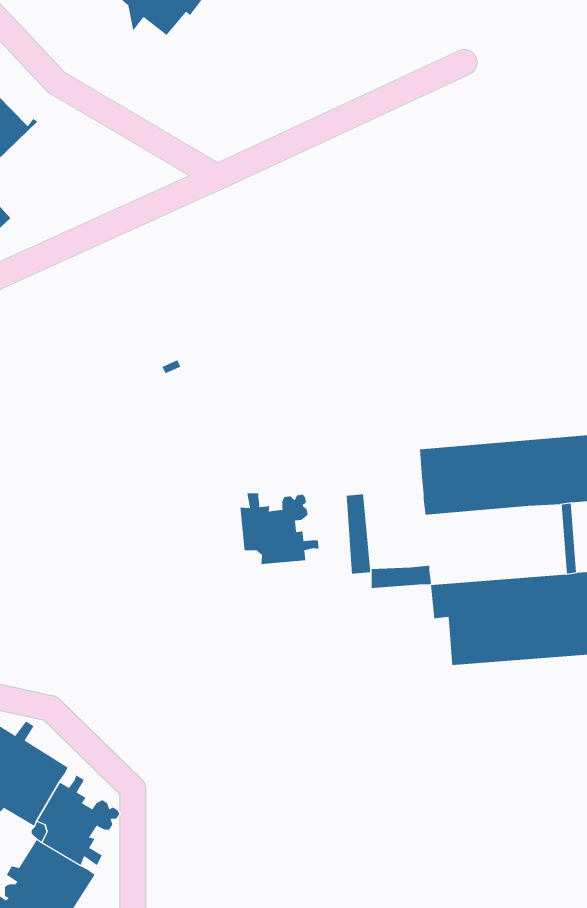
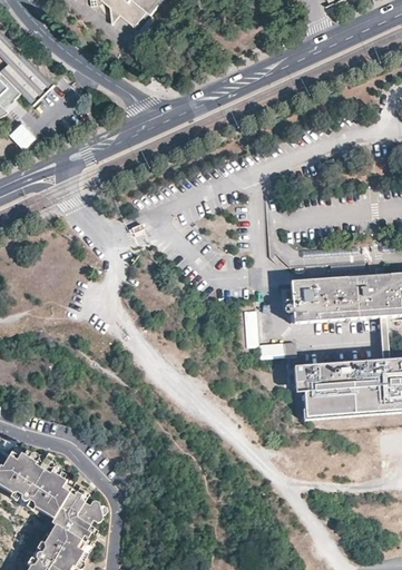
building: [240,492,319,565] -> none

